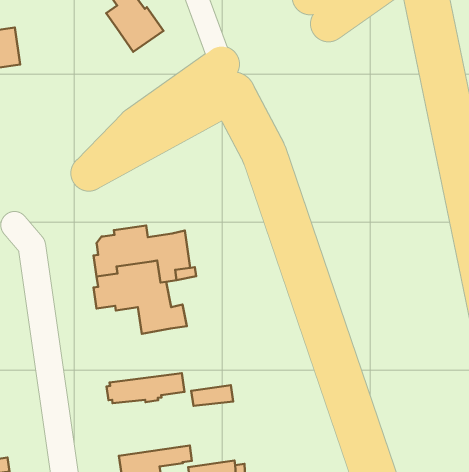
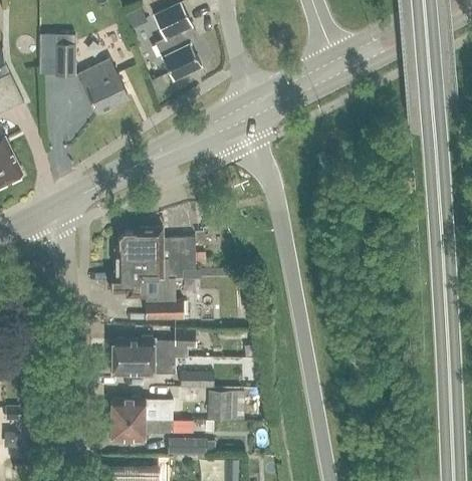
building: none -> [79,56,129,112]
building: none -> [109,329,196,357]
building: none -> [209,391,245,419]
building: none -> [111,397,173,420]

